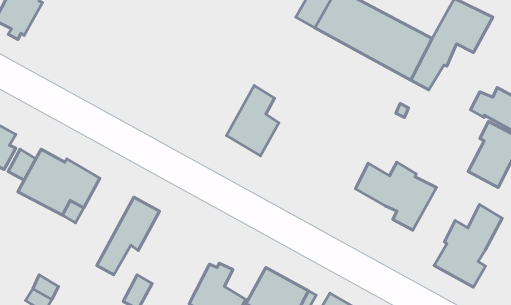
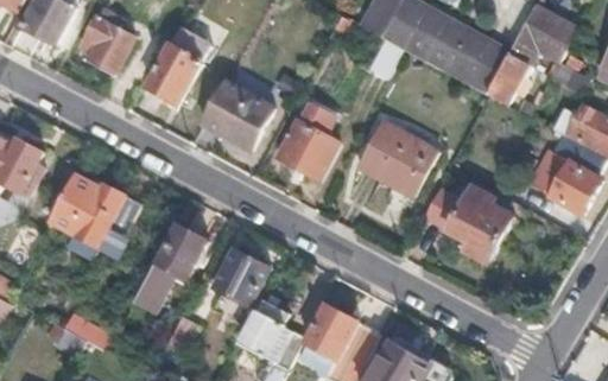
building: none -> [78,15,131,74]
building: none -> [147,27,208,109]
building: none -> [200,81,272,150]
building: none -> [356,122,438,207]
building: [434,204,502,287] -> none
building: none -> [213,250,267,306]

